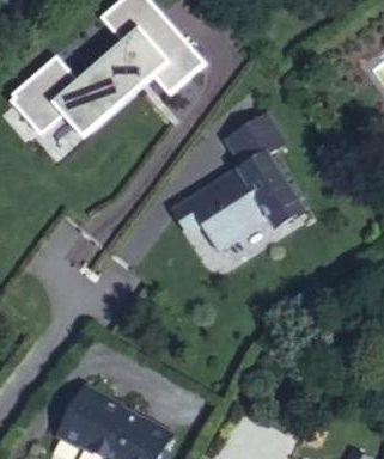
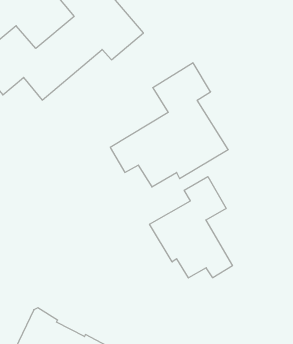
building: none -> [150,177,232,278]

